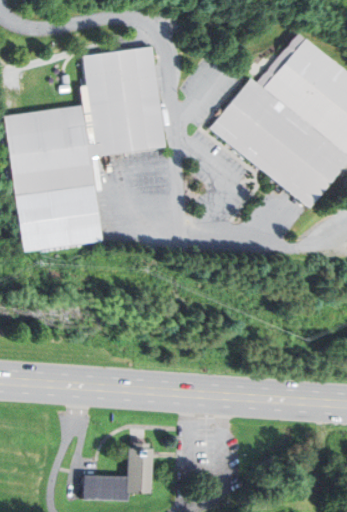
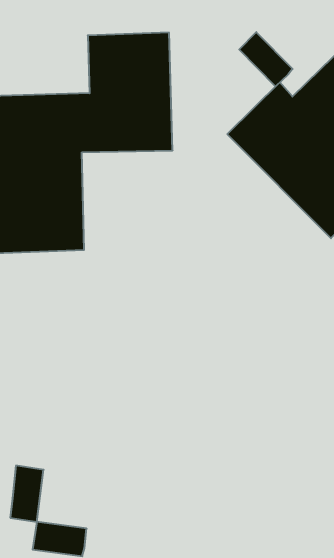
building: none -> [239,32,293,86]
building: [127,448,151,494] -> [10,466,44,522]

